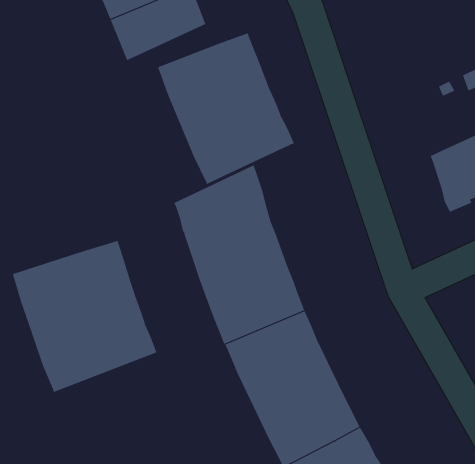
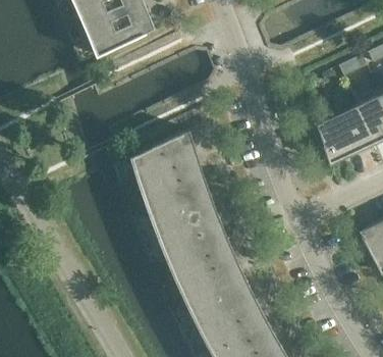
building: [157,32,295,185] -> none
building: [12,240,157,393] -> none

